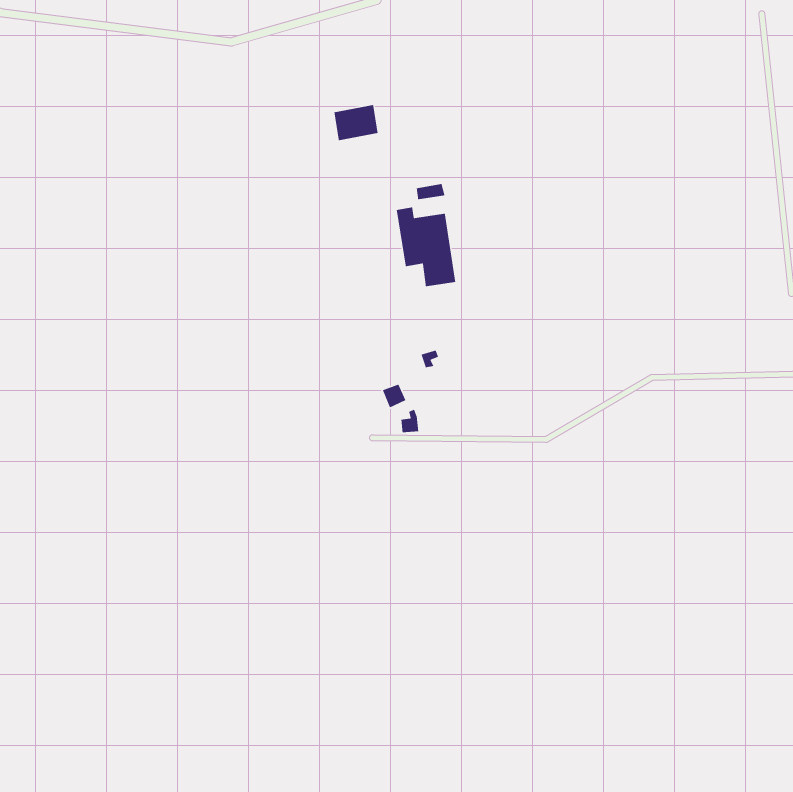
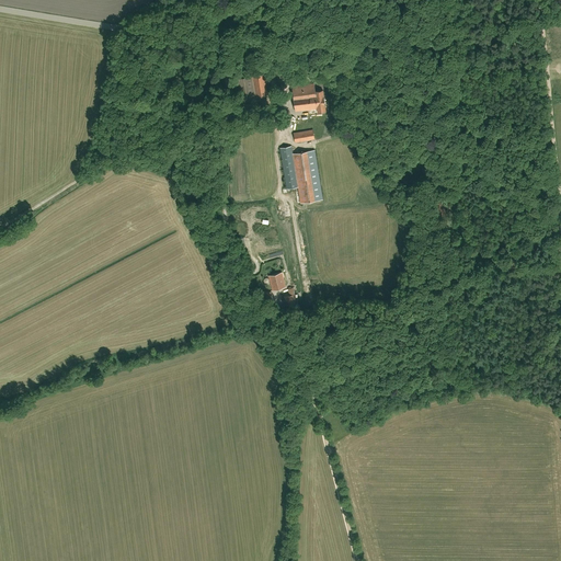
building: none -> [291,84,325,113]

